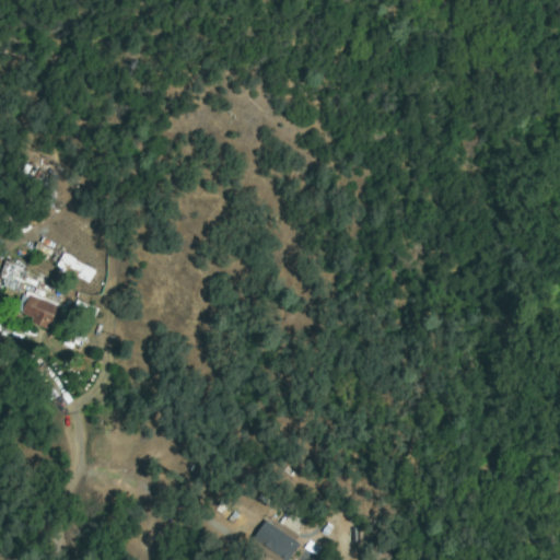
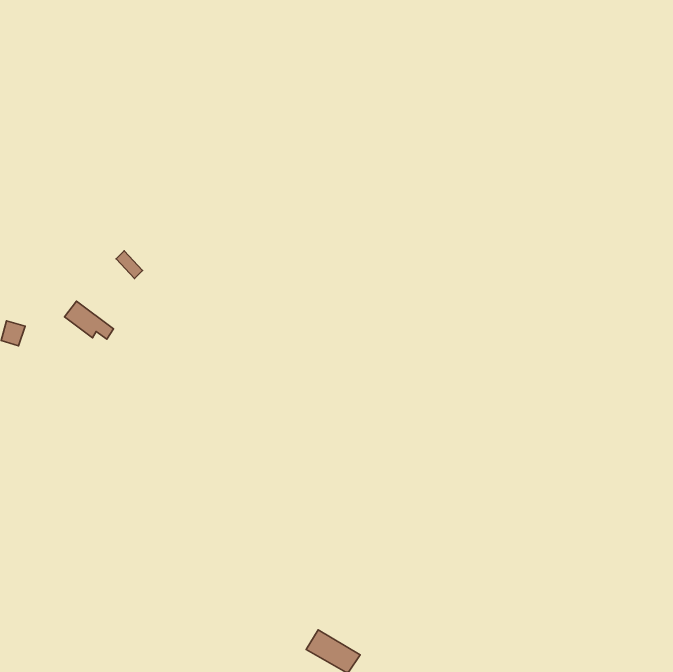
building: [20,291,59,326] -> none

